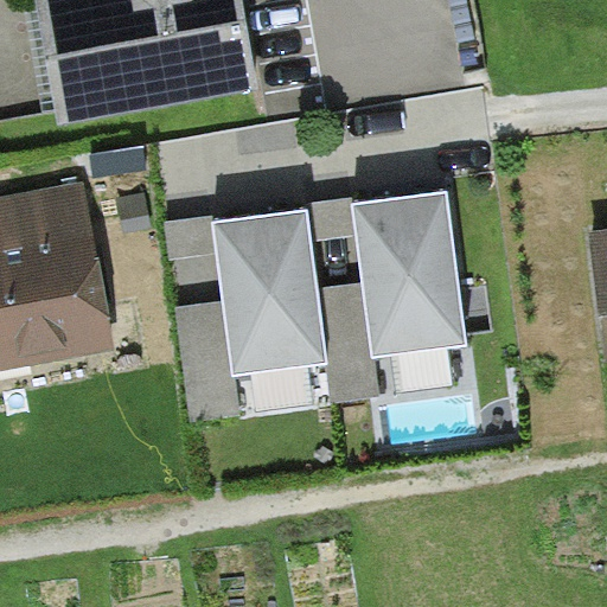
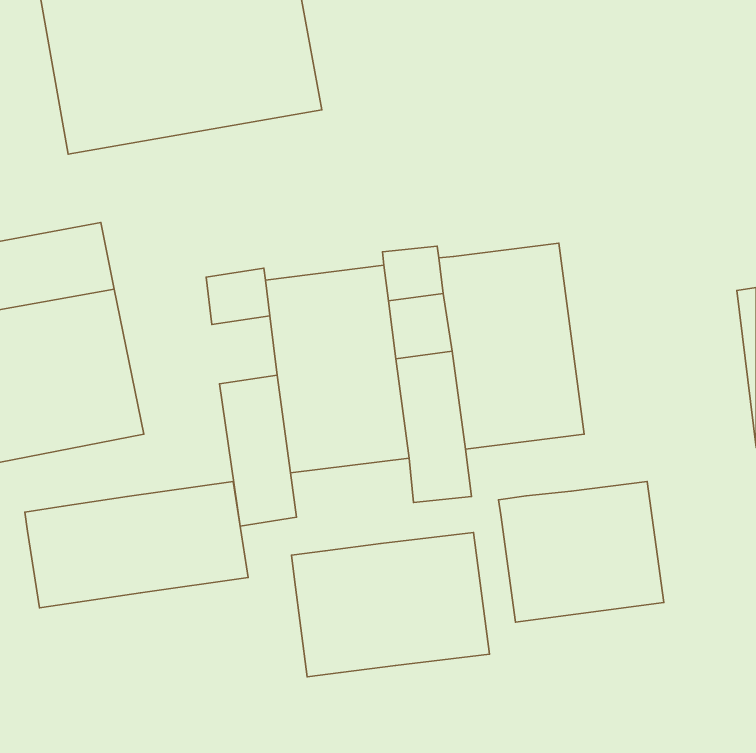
building: none -> [25,482,248,608]
building: none -> [498,482,664,622]
building: none -> [291,533,489,677]

